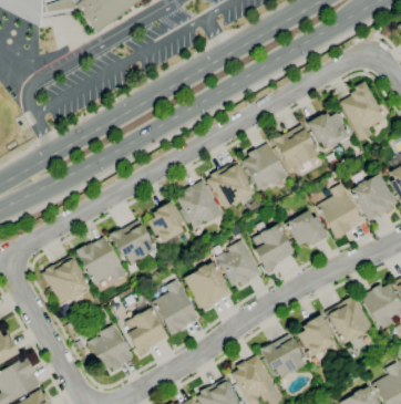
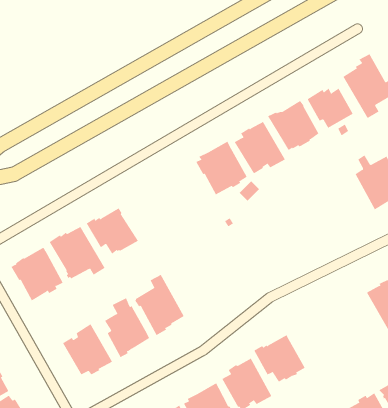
building: [177,180,224,228] -> none
building: [317,184,363,239] -> none
building: [148,201,184,248] -> none
building: [286,210,328,247] -> none
building: [254,221,295,273] -> none
building: [213,240,263,287] -> none
building: [185,262,232,309] -> none
building: [326,297,373,344] -> none
building: [298,314,333,359] -> none

